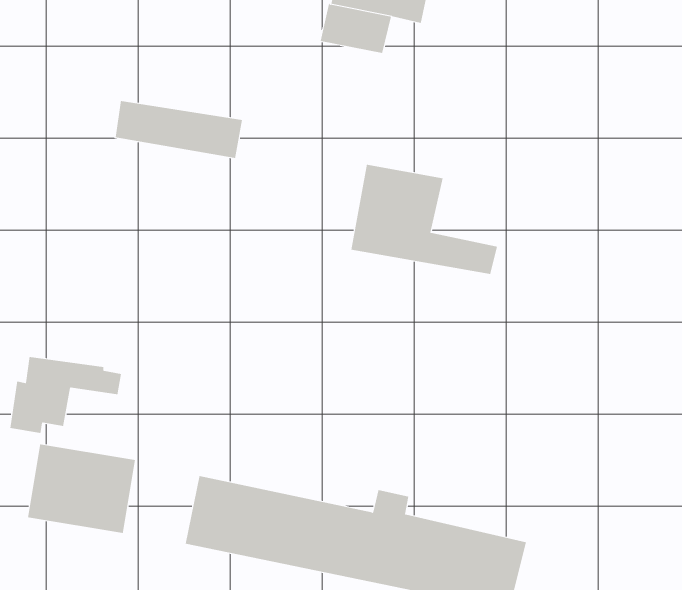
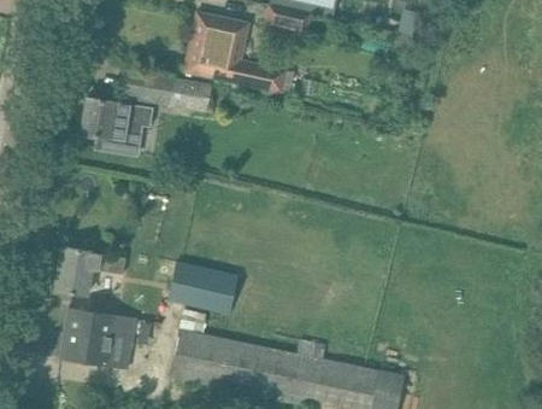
building: none -> [79,98,152,154]
building: [350,164,498,275] -> [185,13,287,89]
building: none -> [159,258,236,312]

